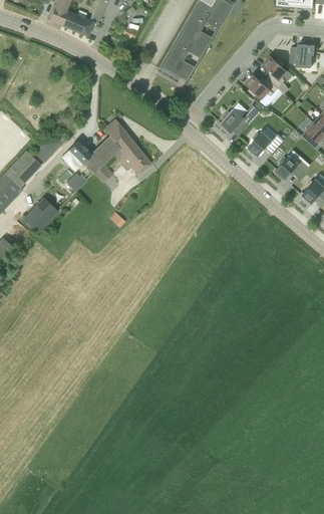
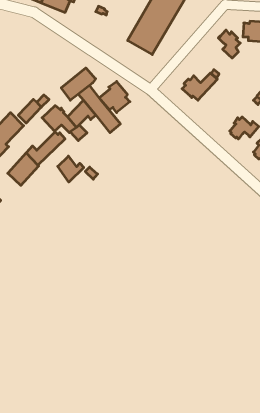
building: [246,73,278,98] -> none
building: none -> [61,68,96,100]
building: none -> [99,81,130,113]
building: [248,132,284,156] -> none
building: none -> [58,156,84,182]

